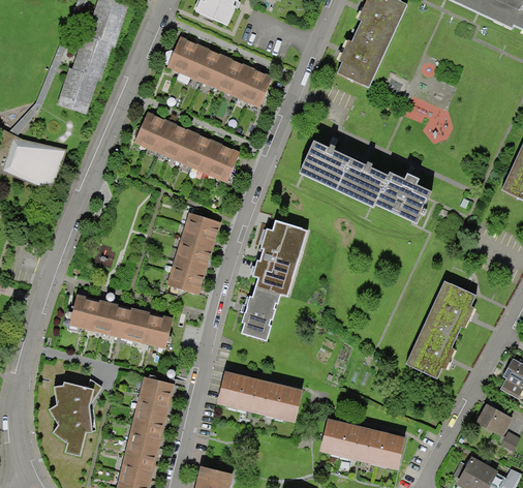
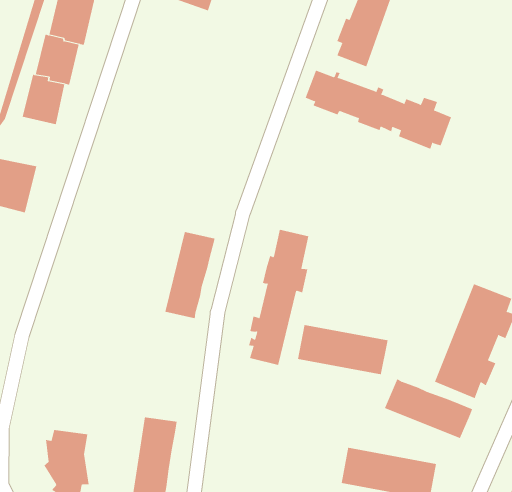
building: [168,37,272,105] -> none
building: [137,114,240,179] -> none
building: [303,143,431,220] -> [305,70,452,149]
building: [69,296,175,348] -> none
building: none -> [384,378,473,439]
building: [213,372,295,422] -> [297,324,388,375]

